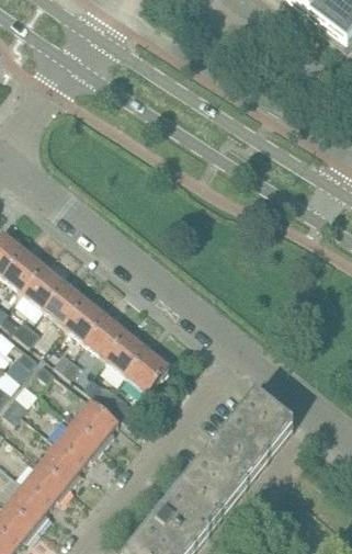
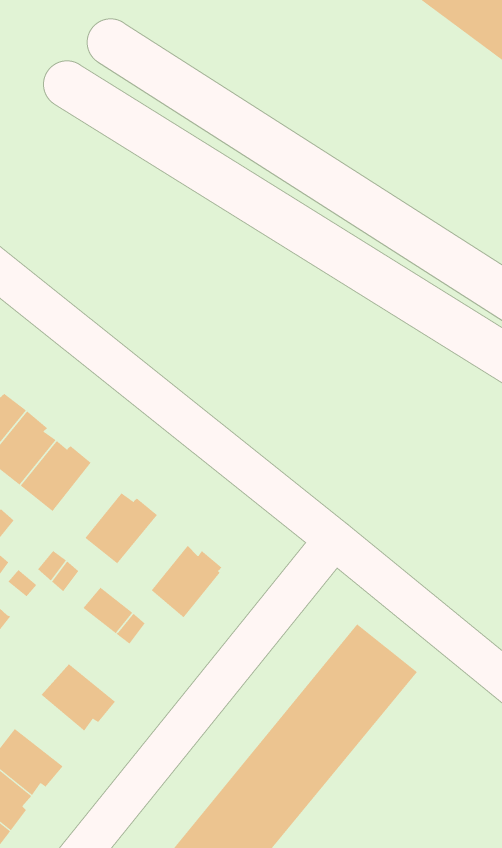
building: [63,296,105,343] -> none
building: [103,329,147,376] -> none
building: [72,402,116,446] -> none
building: [38,442,82,487] -> none

